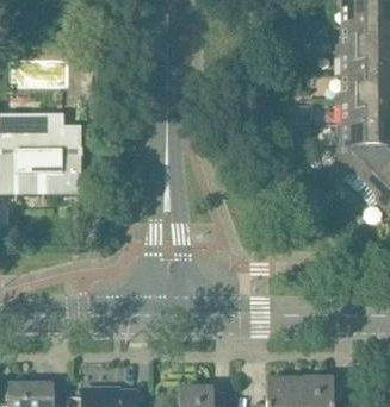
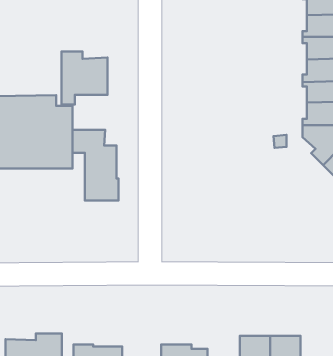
building: none -> [61,51,107,104]
building: none -> [73,130,118,201]

